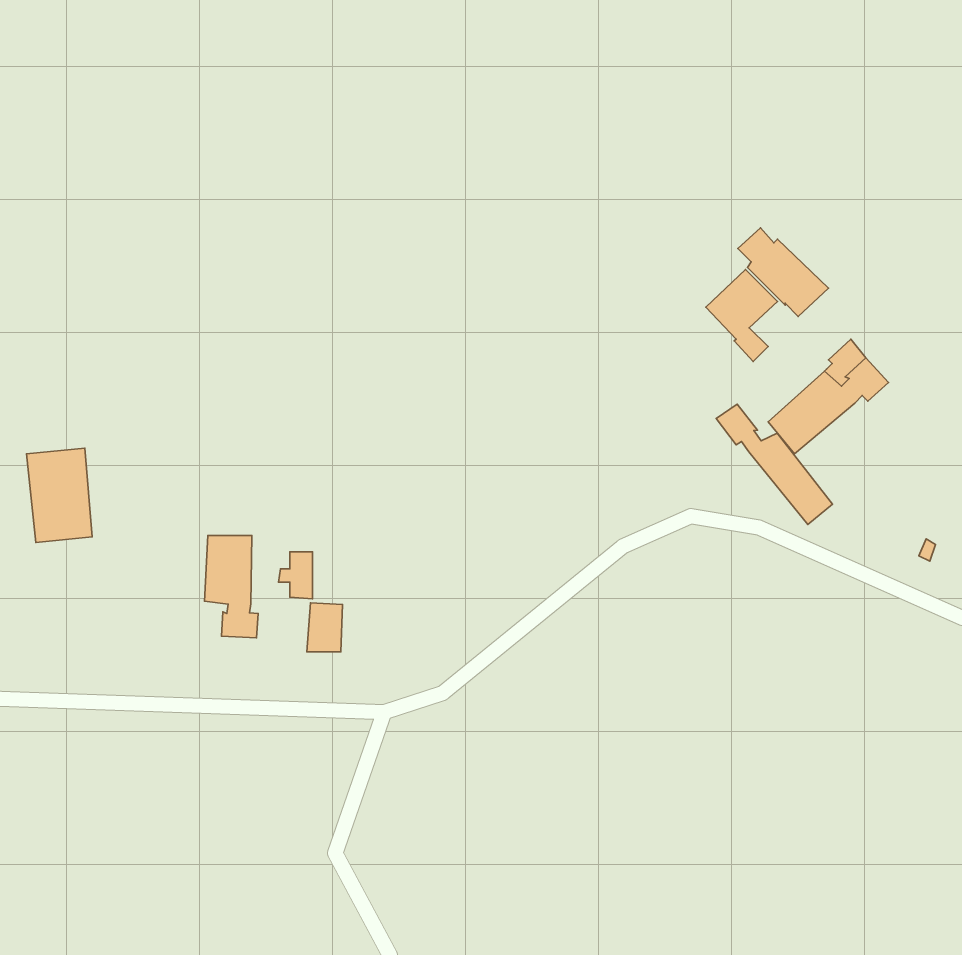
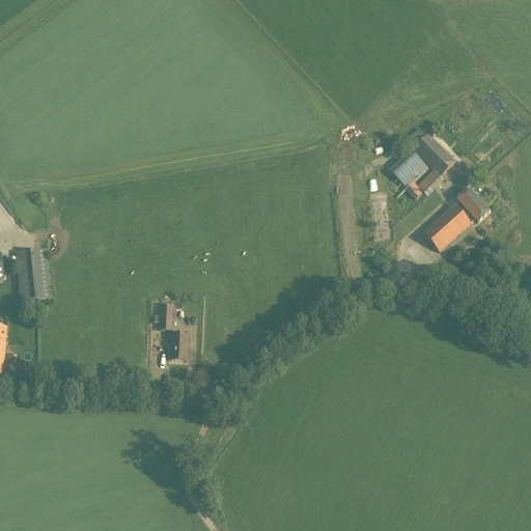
building: [716,404,832,525] -> none
building: [204,535,258,638] -> none

